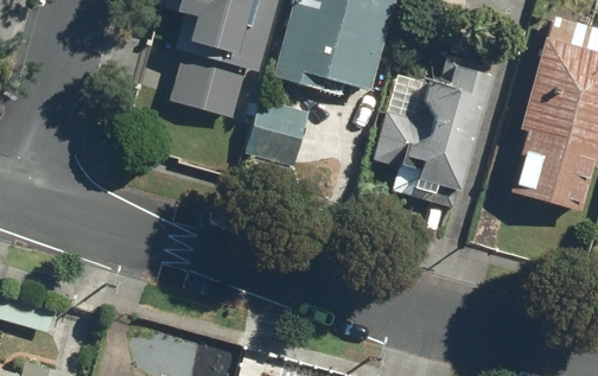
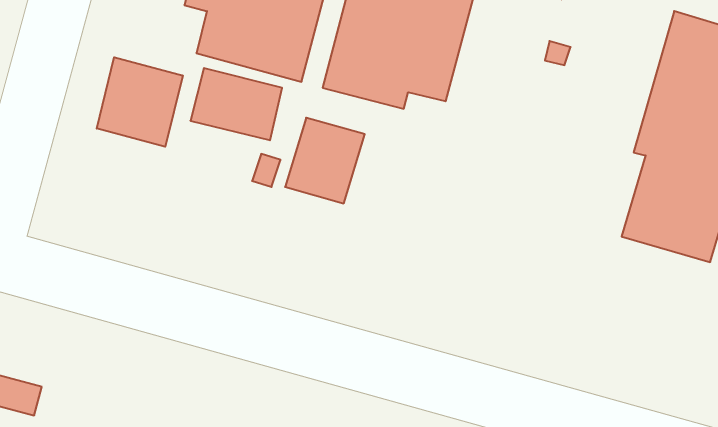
building: none -> [97,57,183,147]
building: [373,58,491,206] -> none

